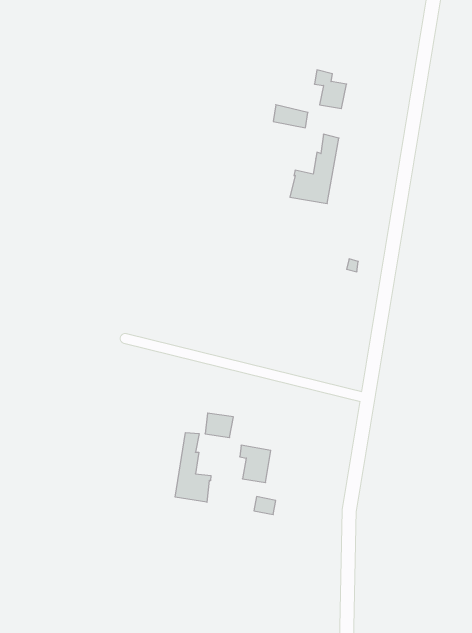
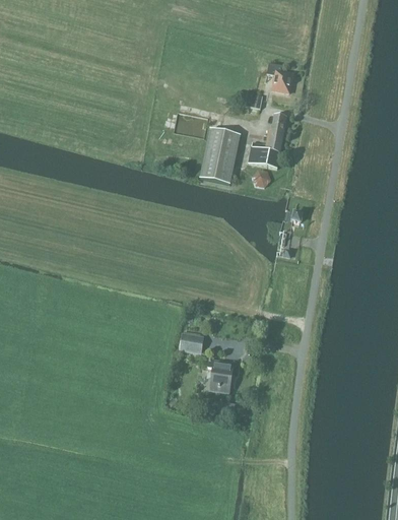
building: none -> [200,128,241,183]
building: [175,433,211,502] -> none

